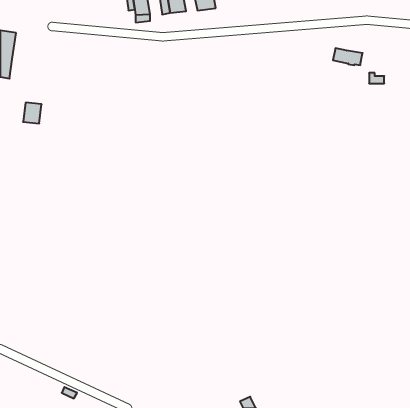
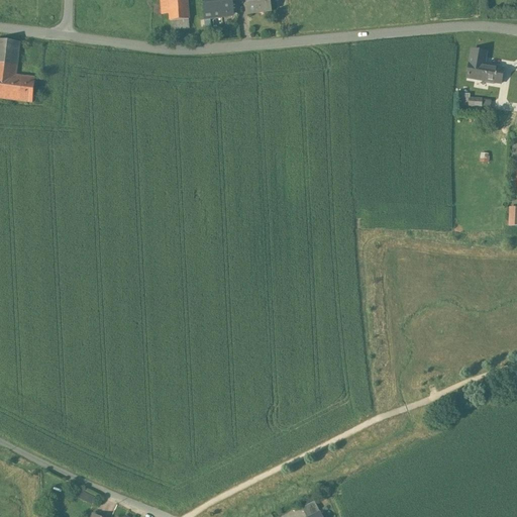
building: [333,48,363,65] -> [467,61,504,82]
building: [23,103,42,123] -> [12,75,35,101]

